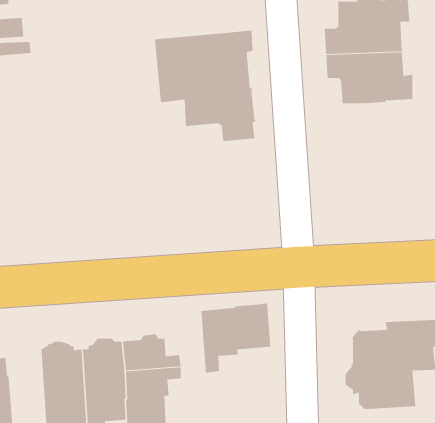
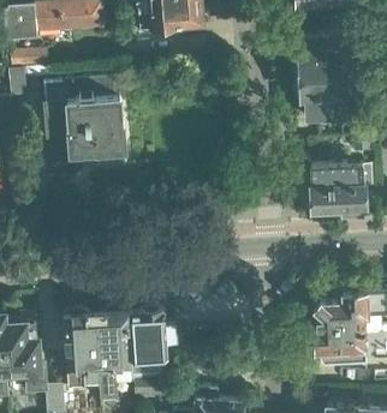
building: [154,30,256,141] -> [43,74,126,164]
building: none -> [306,163,373,216]
building: [201,302,271,373] -> none

